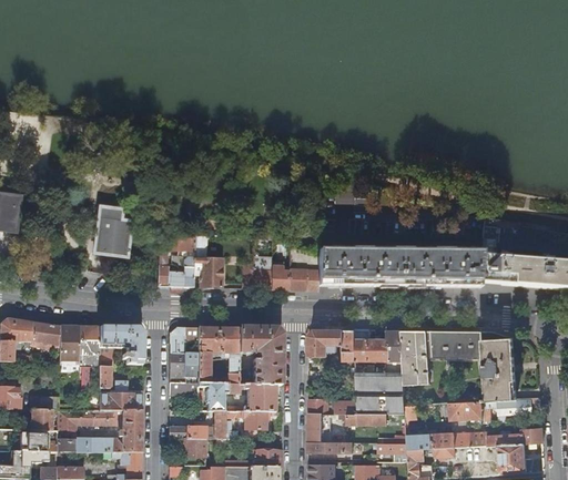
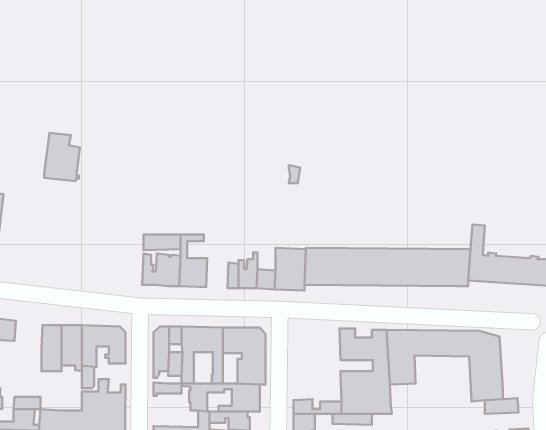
building: [97,207,132,255] -> [44,133,80,181]
building: [31,321,60,349] -> none
building: [308,329,355,360] -> none
building: [448,401,483,420] -> none

